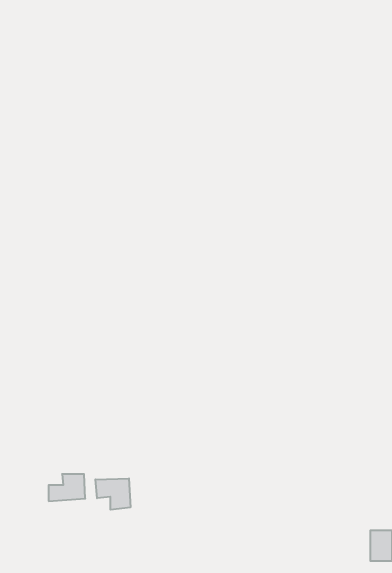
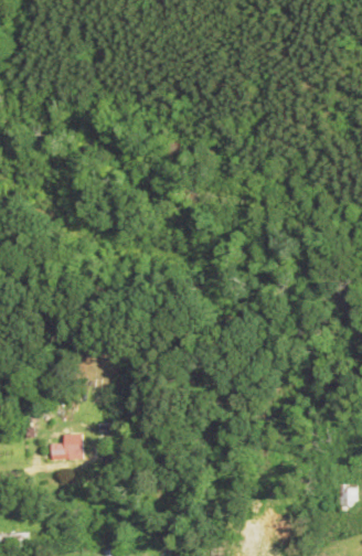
building: [95,478,130,510] -> none

